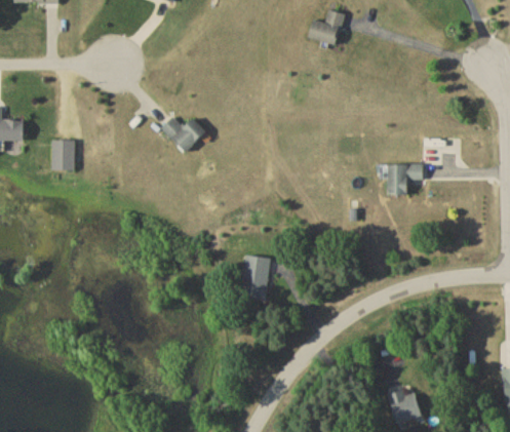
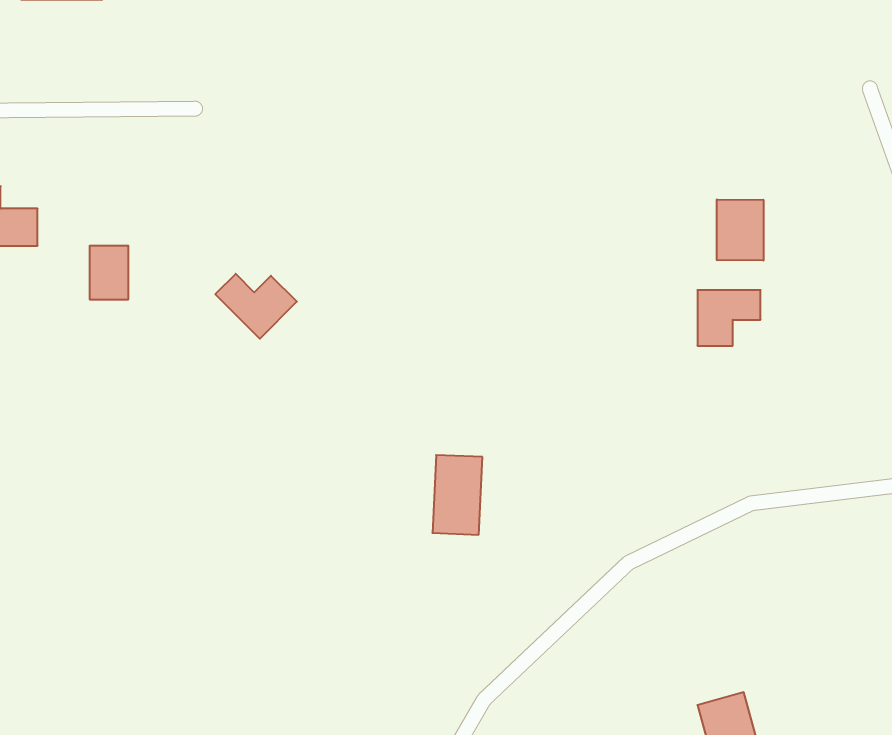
building: [308,8,345,44] -> none
building: none -> [717,199,763,261]
building: [161,116,206,152] -> [215,274,297,339]

